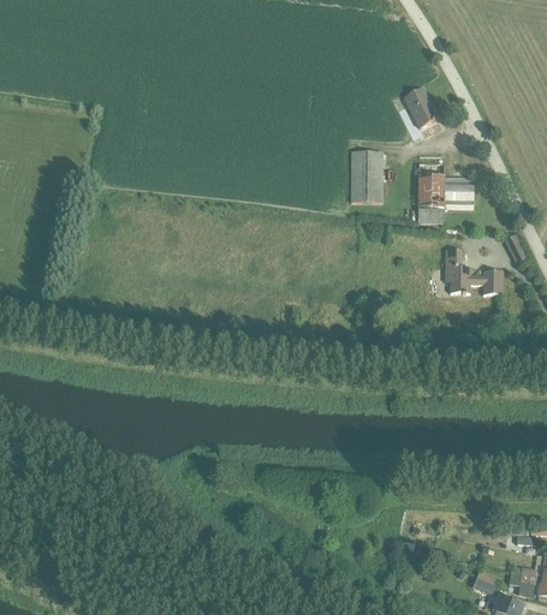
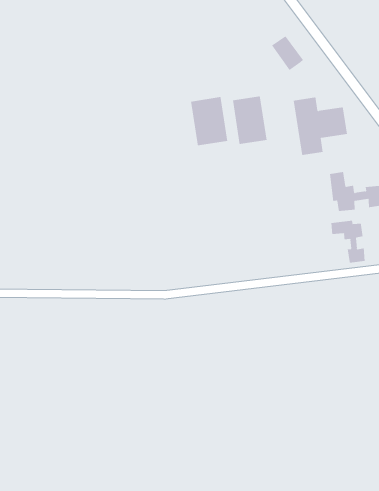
building: none -> [190,96,228,146]
building: none -> [331,220,365,264]

